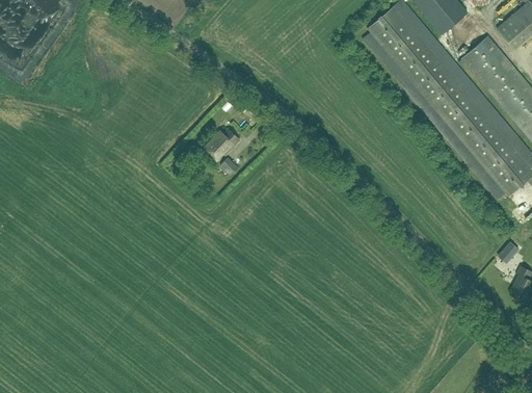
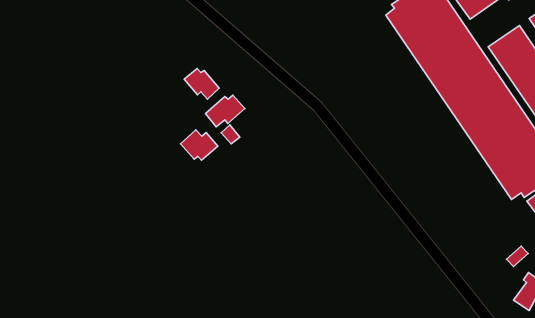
building: none -> [184,68,219,99]
building: none -> [181,130,218,160]

